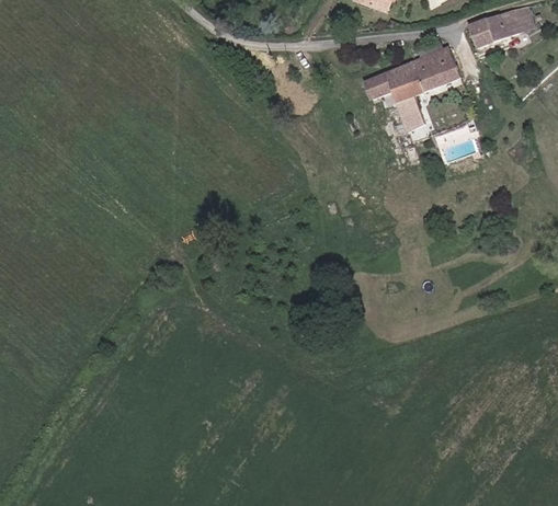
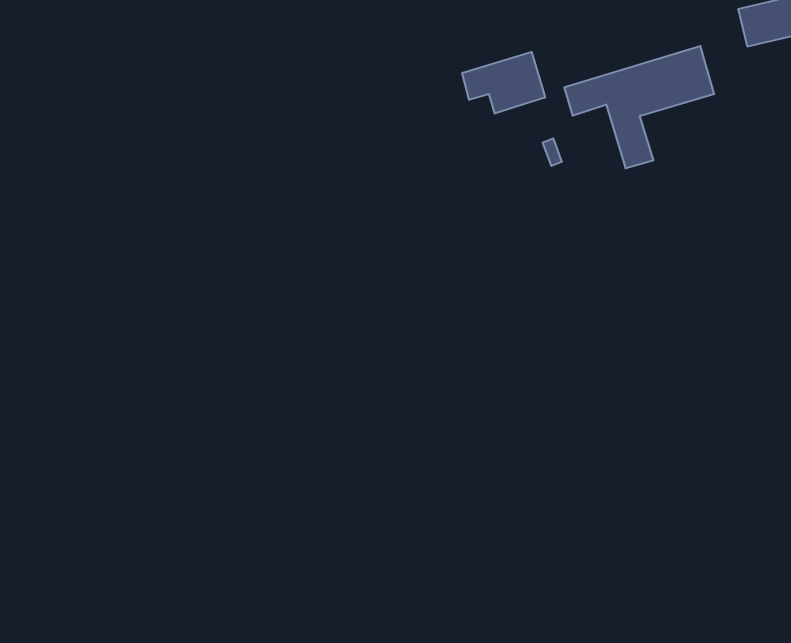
building: none -> [462,52,545,114]

